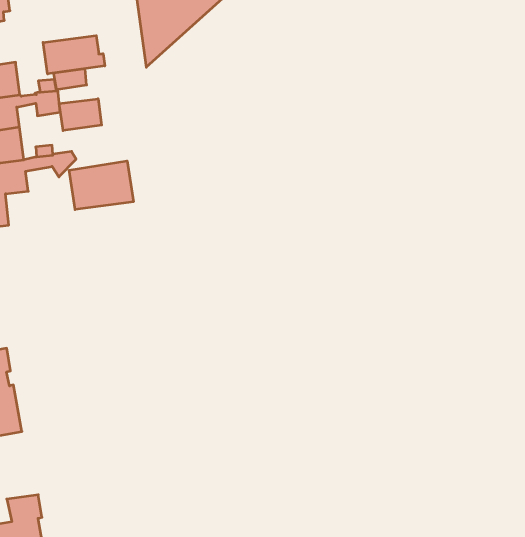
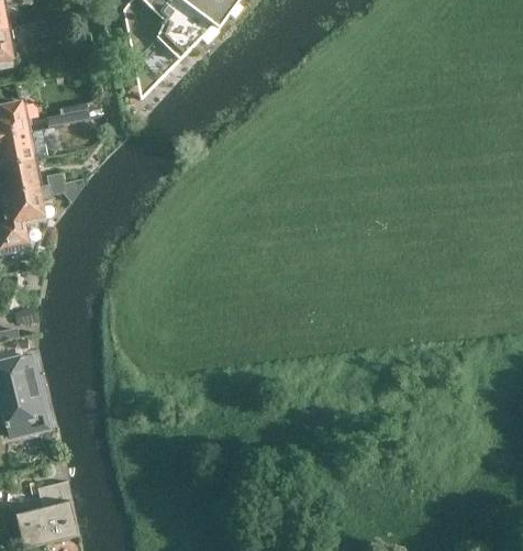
building: [43,36,105,74] -> none
building: [59,99,102,131] -> none
building: [69,161,133,210] -> none

